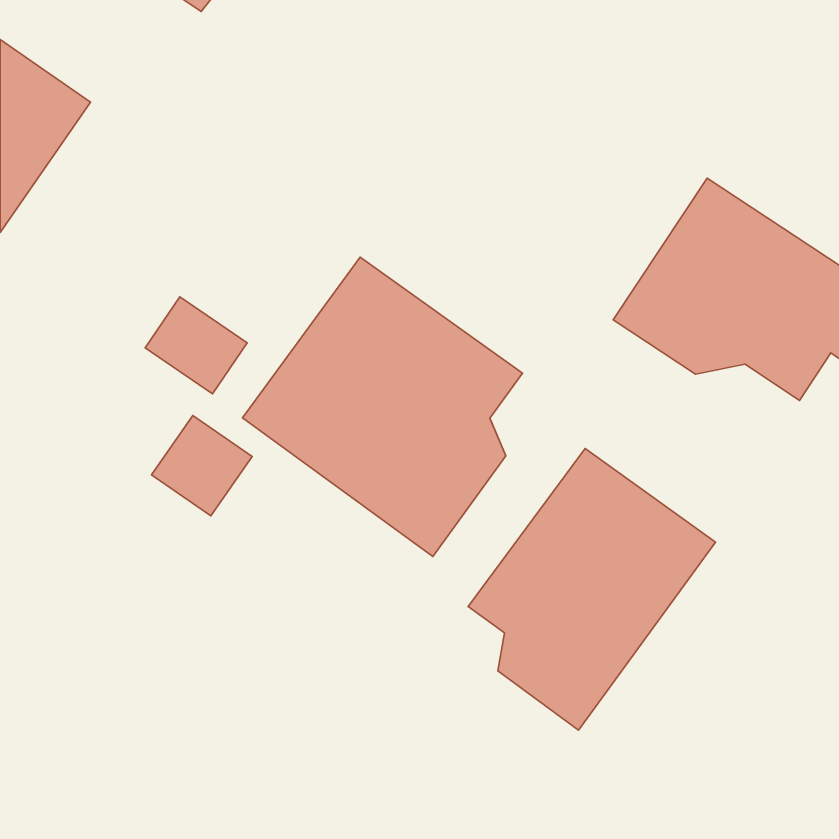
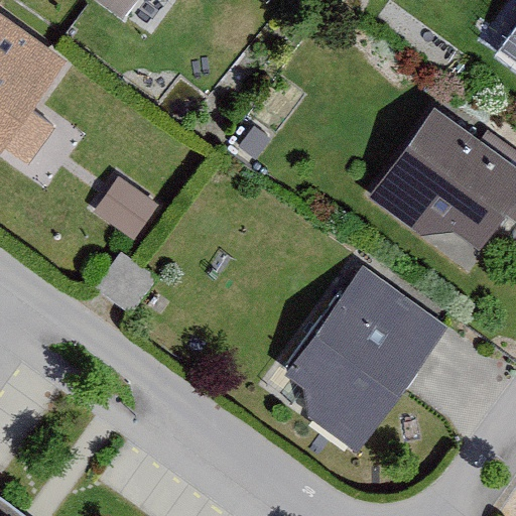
building: [242,257,523,556] -> none

